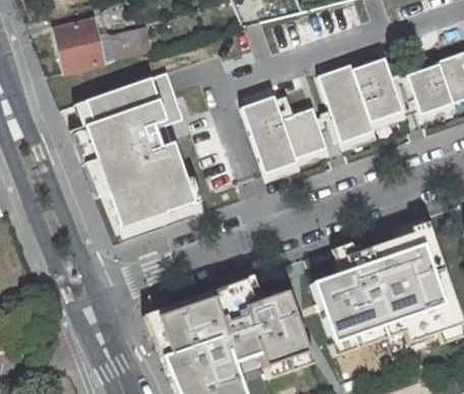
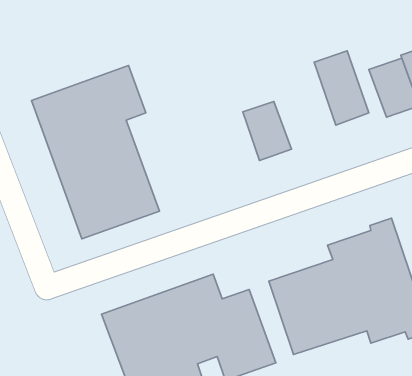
building: [59,11,158,70] -> none
building: [317,64,378,151] -> none
building: [238,96,300,183] -> none

